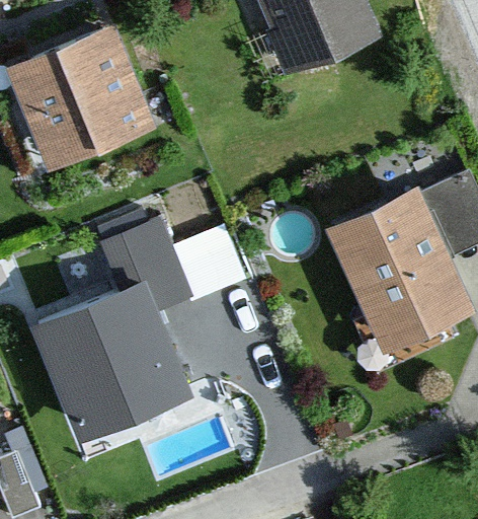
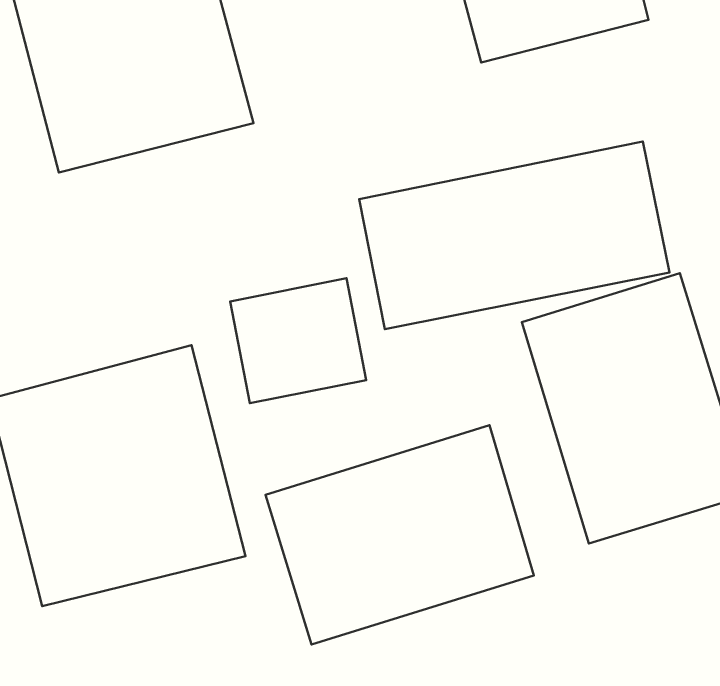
building: none -> [359,141,670,329]
building: none -> [266,425,534,644]

